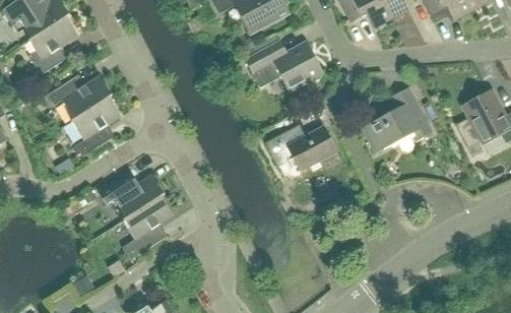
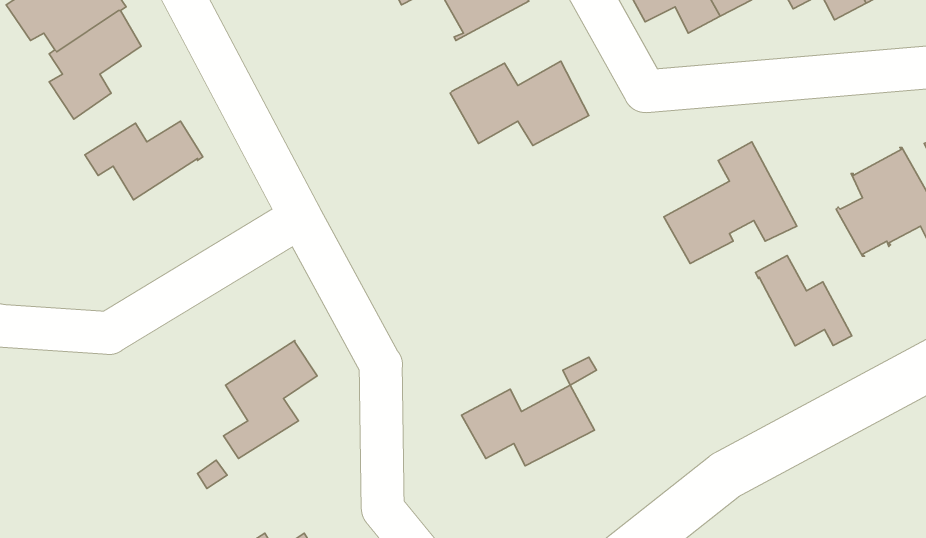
building: [71,96,121,155] -> none
building: [265,126,337,170] -> [462,385,595,466]
building: none -> [755,255,852,346]
building: [100,174,165,216] -> none

